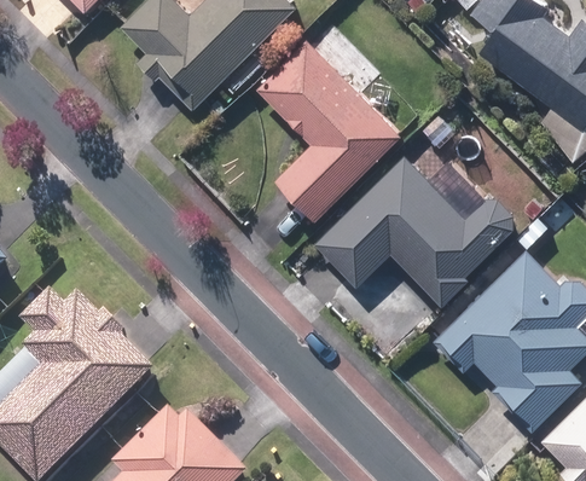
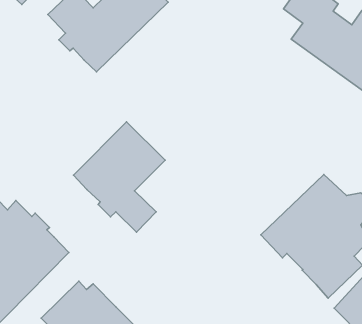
building: [254,44,396,221] -> none
building: [313,158,511,306] -> none
building: none -> [74,122,165,232]

